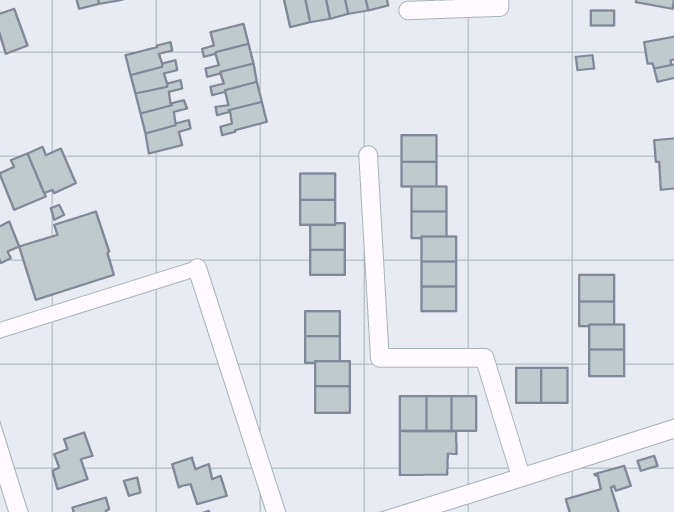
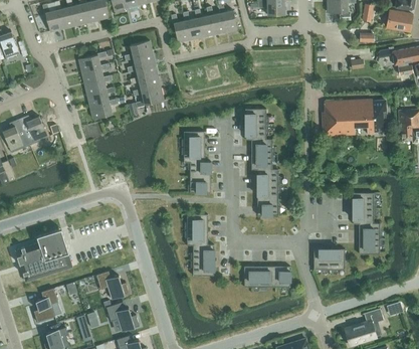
building: none -> [322,99,387,136]
building: [19,212,114,300] -> [15,228,72,282]
building: none -> [96,271,129,299]
building: [400,431,457,475] -> none

